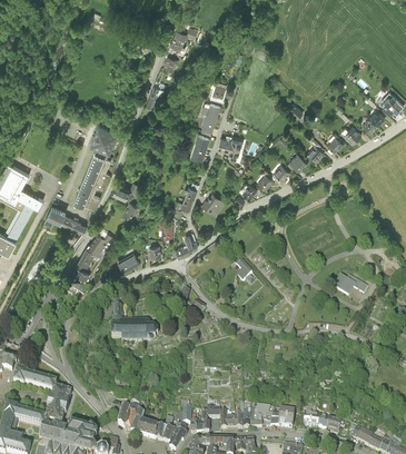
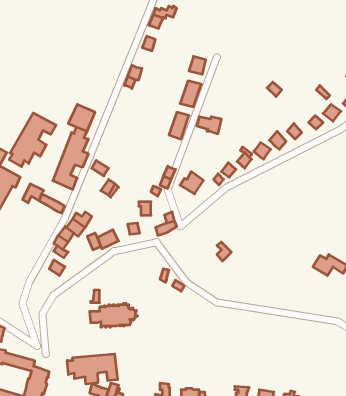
building: none -> [9,113,56,167]
building: none -> [67,354,118,384]

